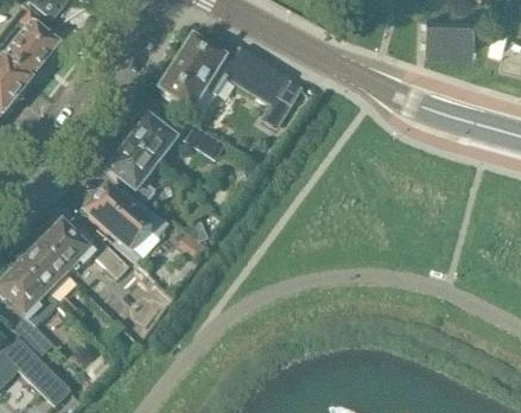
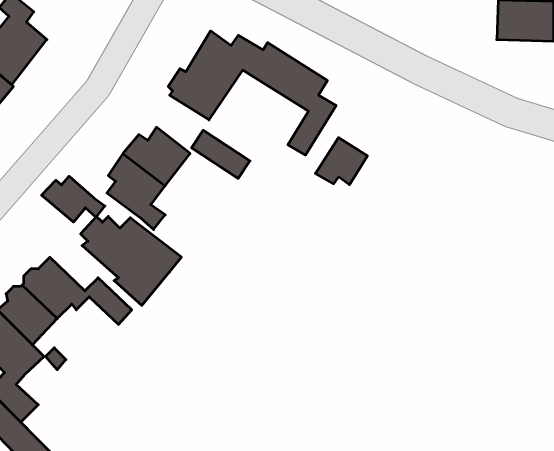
building: none -> [315,138,367,185]
building: none -> [42,176,105,222]

